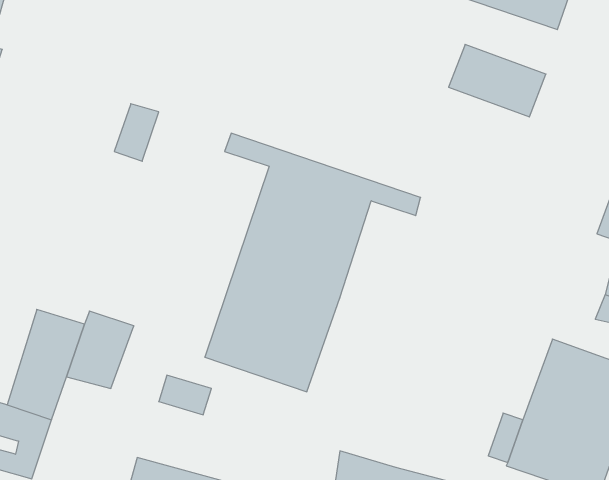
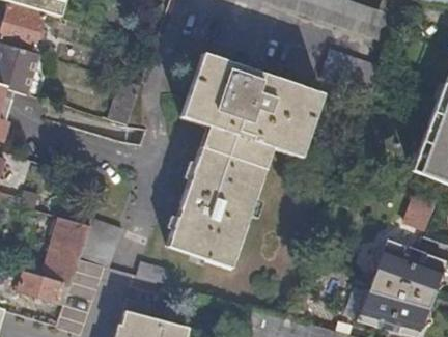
building: none -> [186,55,324,147]

